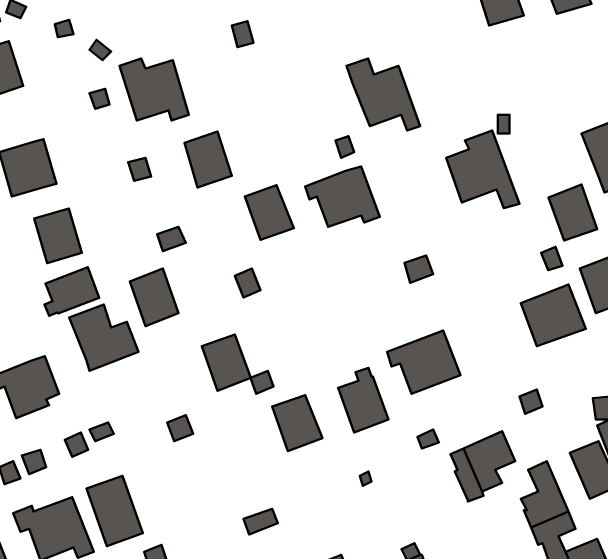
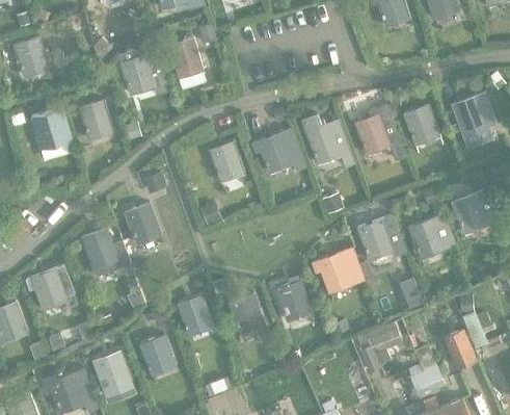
building: [347,59,420,131] -> [300,115,353,167]
building: [184,131,232,188] -> [167,38,202,79]
building: [548,184,597,241] -> [402,105,437,146]
building: [34,208,82,263] -> [78,101,112,140]
building: [44,267,99,316] -> none
building: none -> [356,215,406,261]
building: [202,335,251,391] -> [177,295,212,336]
building: none -> [139,336,175,377]

